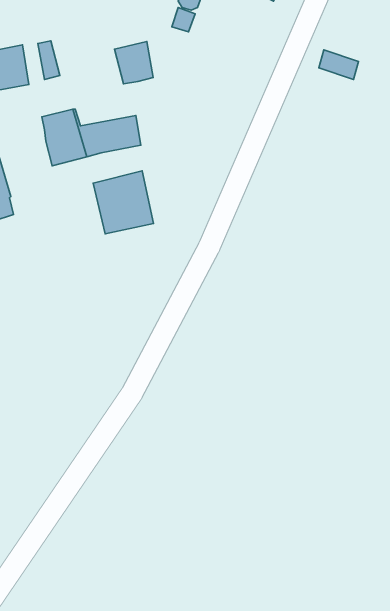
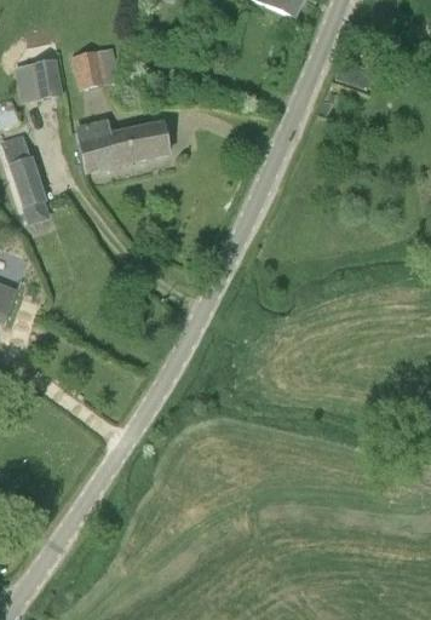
building: [114,42,153,84] -> [84,46,120,86]
building: [93,171,153,234] -> none

